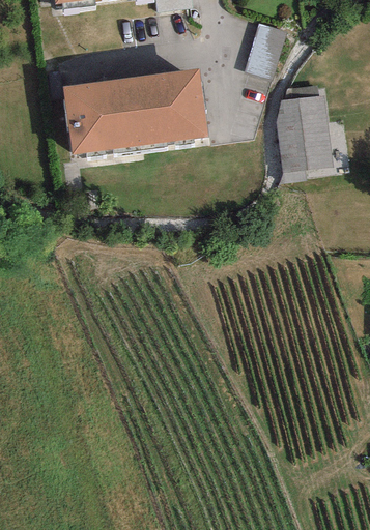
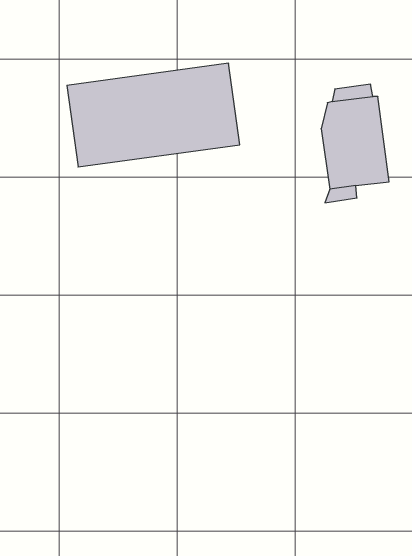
building: [245,24,287,80] -> none

